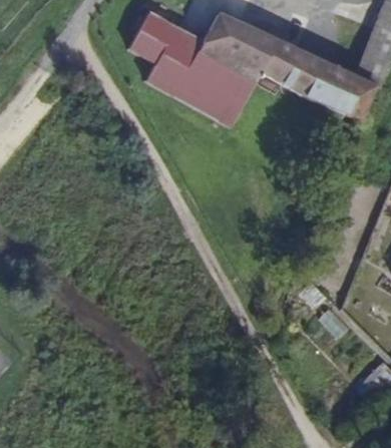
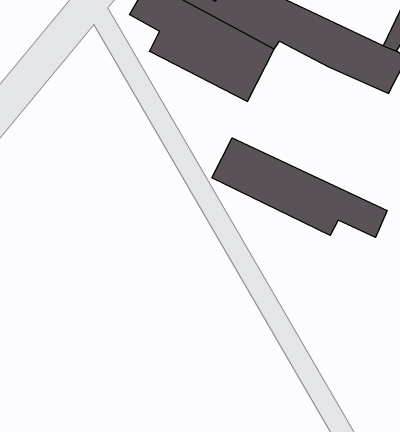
building: none -> [212,138,387,237]

